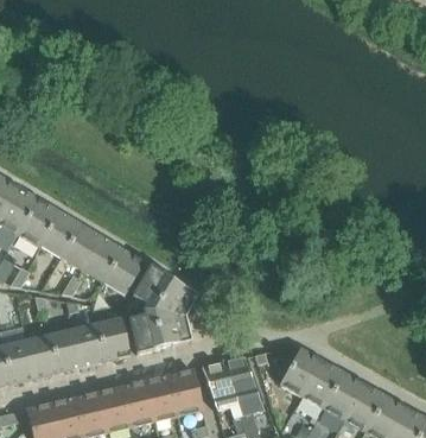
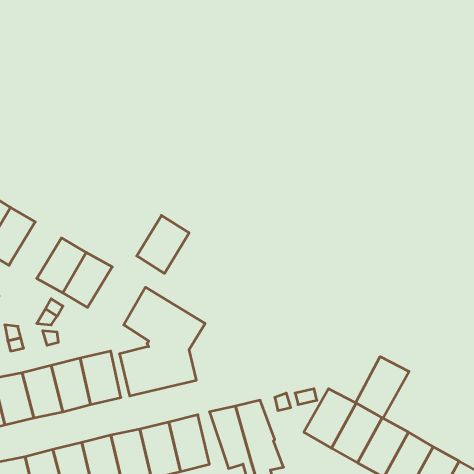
building: [39,210,81,256] -> none
building: [102,247,145,294] -> [137,215,189,273]
building: none -> [356,357,409,418]

